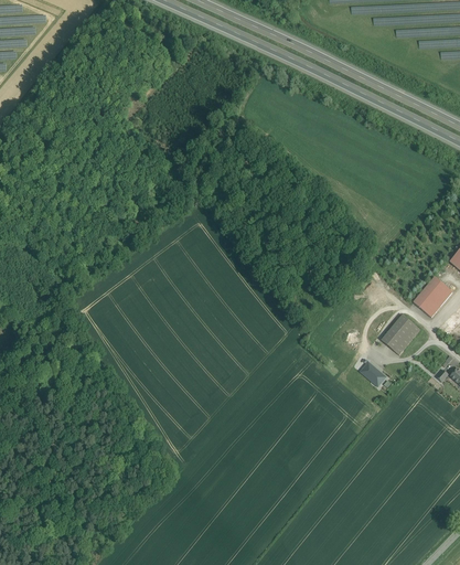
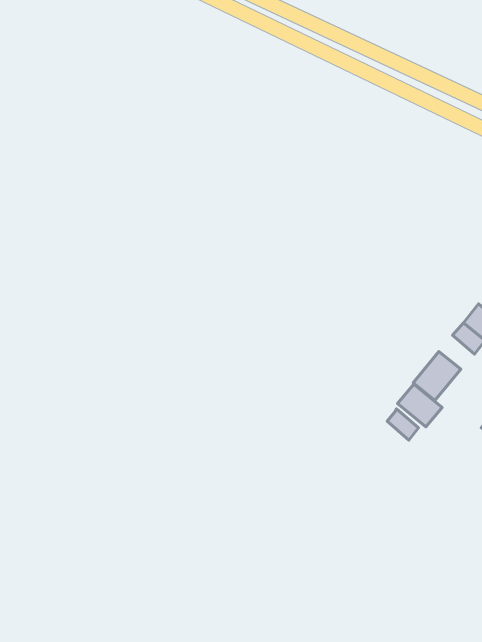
building: none -> [398,384,442,427]

